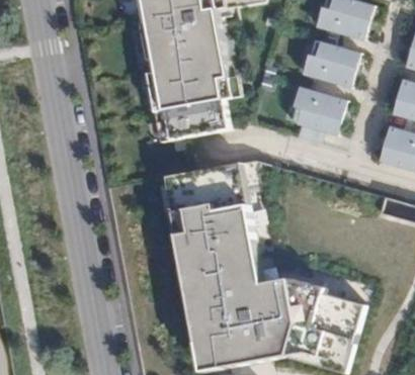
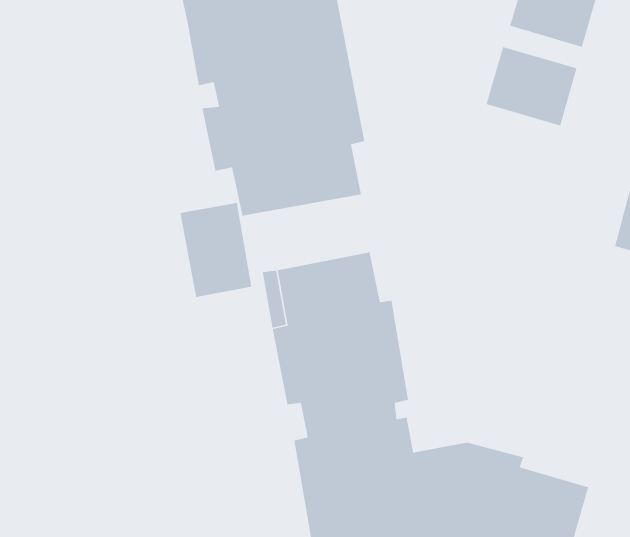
building: [289,86,344,133] -> none
building: none -> [179,202,252,298]

